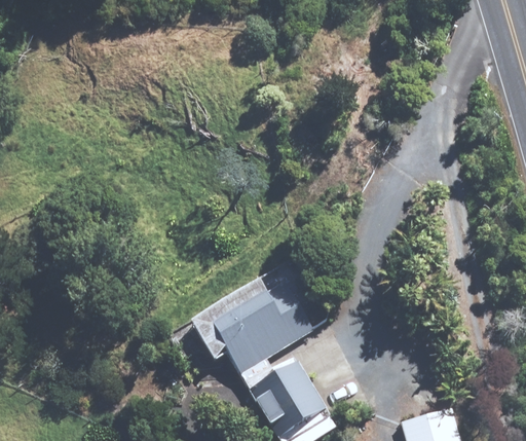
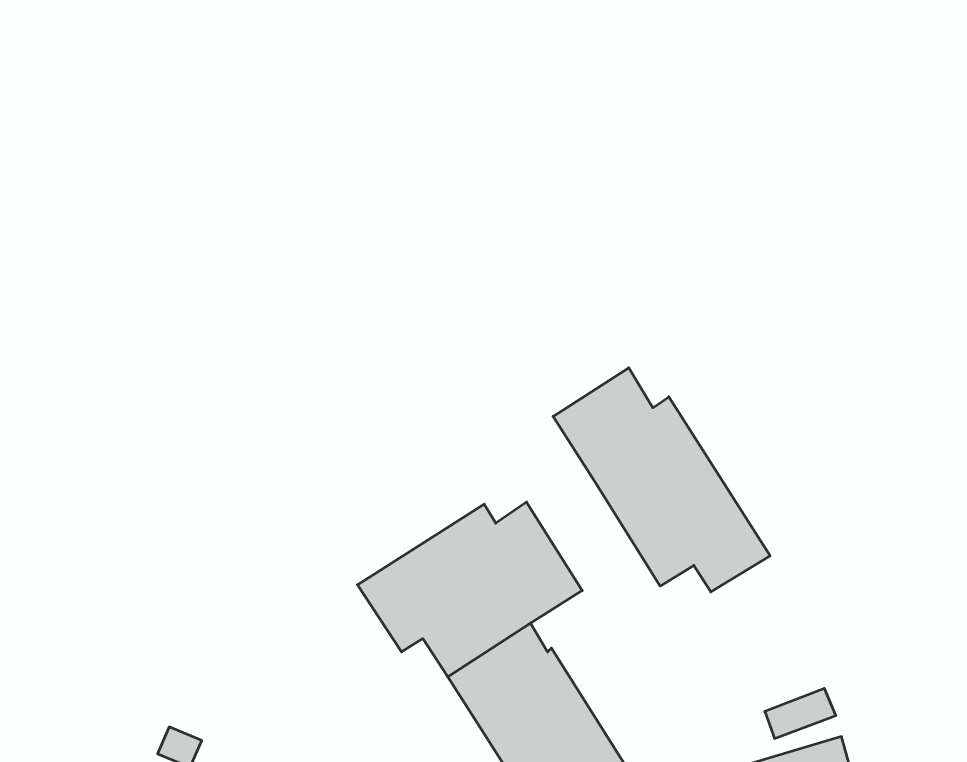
building: none -> [553,368,770,592]

